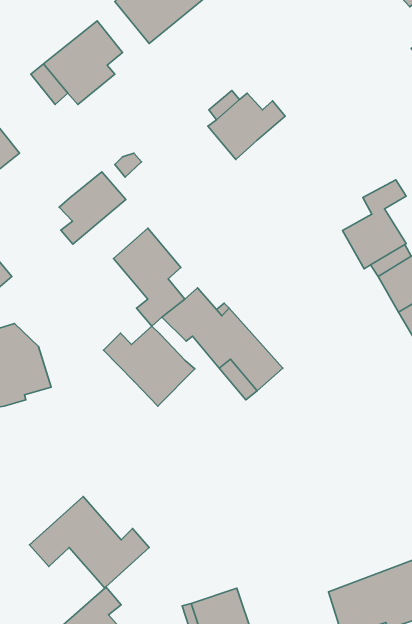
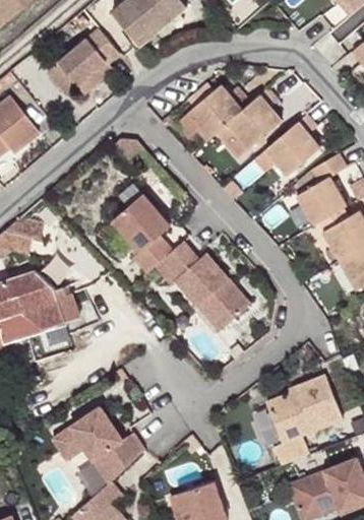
building: none -> [229,88,283,150]
building: none -> [266,117,321,177]
building: [59,172,126,244] -> none
building: [104,326,195,406] -> none
building: none -> [263,375,340,465]

